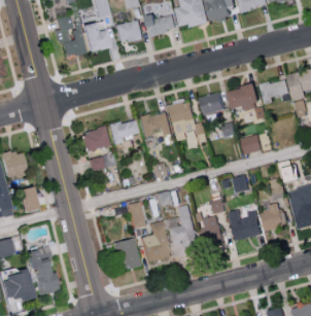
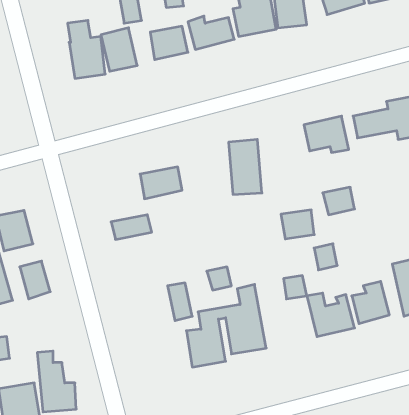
building: [197,93,220,113] -> [281,210,314,239]
building: [138,112,170,137] -> none
building: [79,127,107,151] -> none
building: [201,216,220,247] -> none
building: [115,238,138,268] -> none

